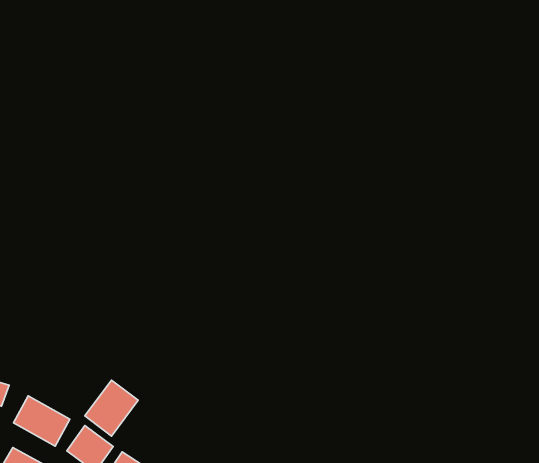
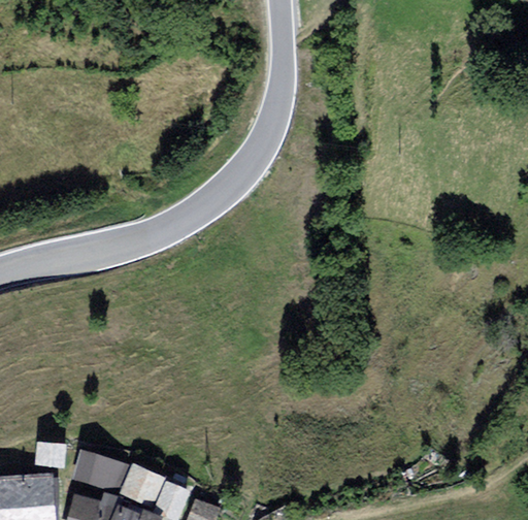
building: [85,380,138,436] -> none

